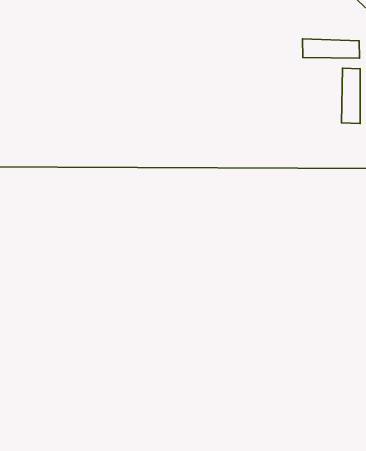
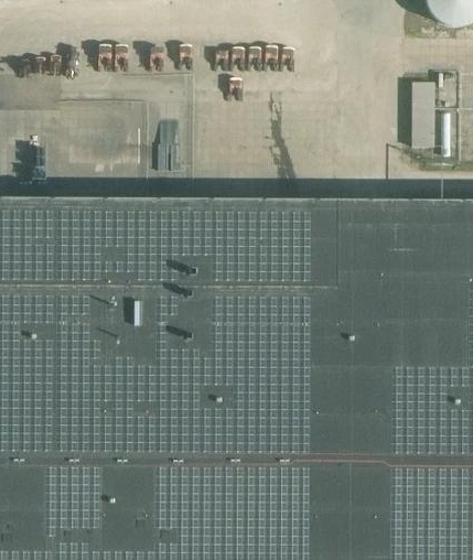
building: [302,39,360,58] -> none

